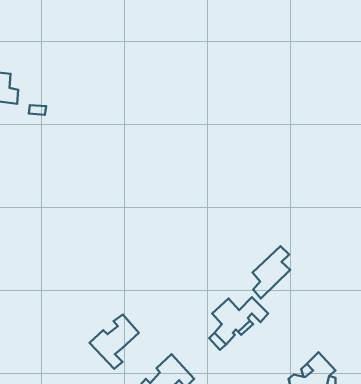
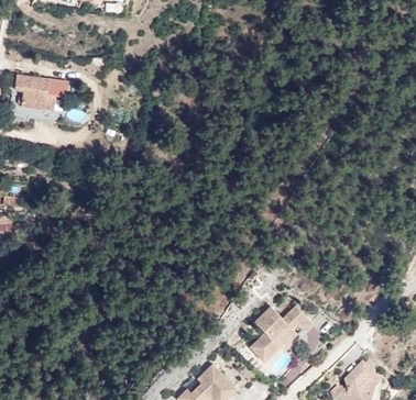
building: [252,246,290,298] -> none
building: [89,314,139,369] -> none

